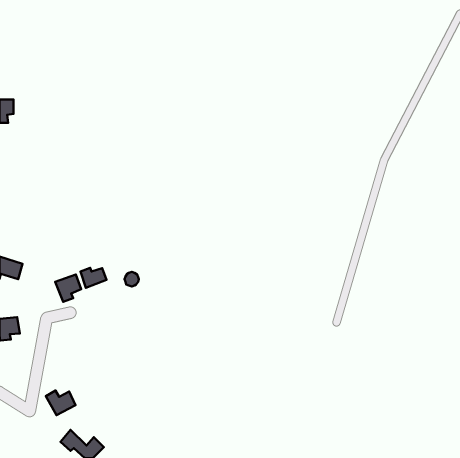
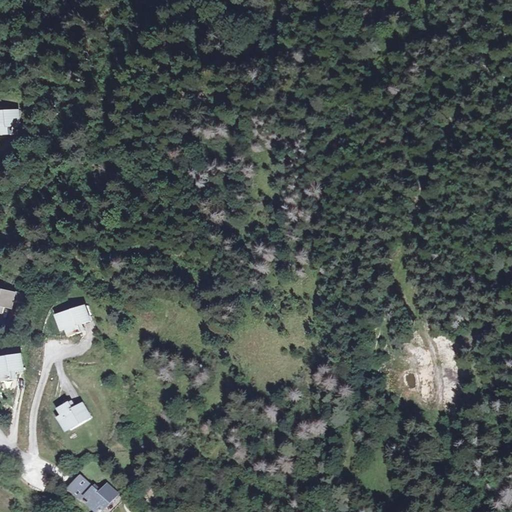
building: [80,268,106,288] -> none
building: [46,391,75,415] -> [55,401,88,428]

